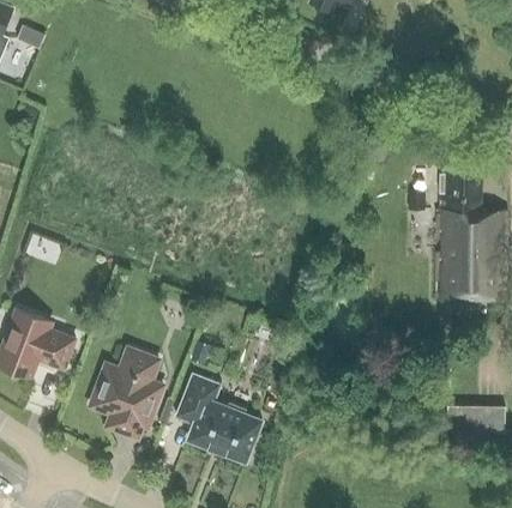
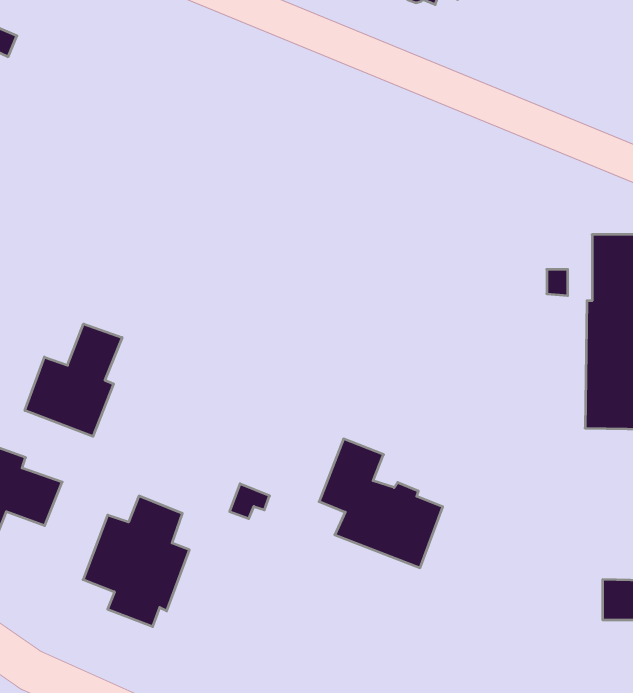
building: none -> [25,324,122,436]
building: [176,374,261,462] -> [319,439,443,568]

